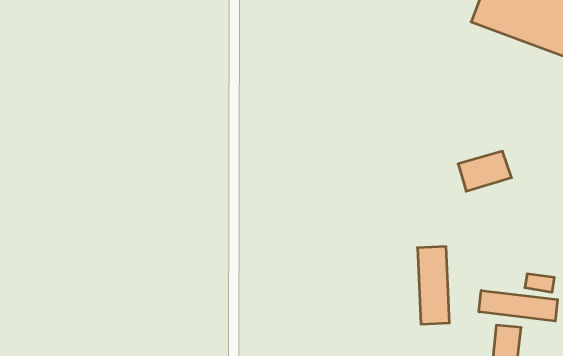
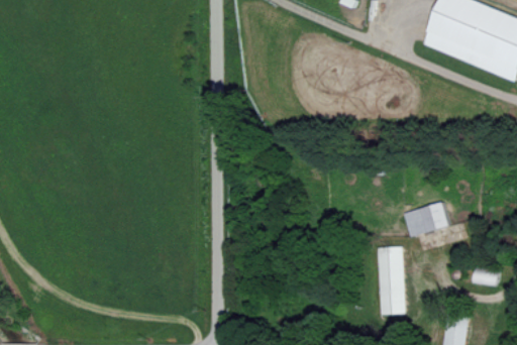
building: [458,151,512,191] -> [403,202,450,237]
building: [479,290,558,321] -> none

